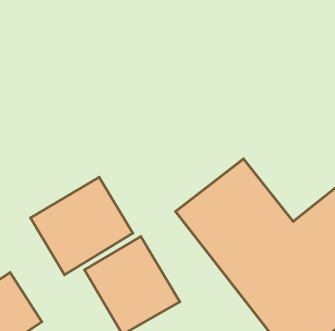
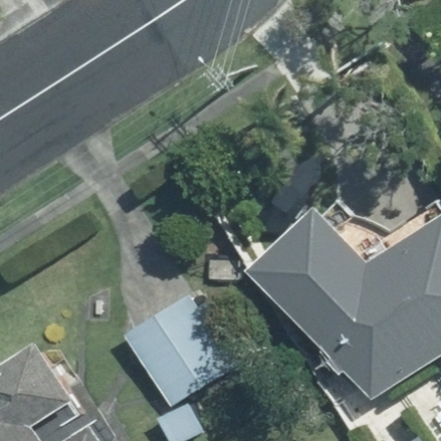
building: [31,177,133,275] -> none

